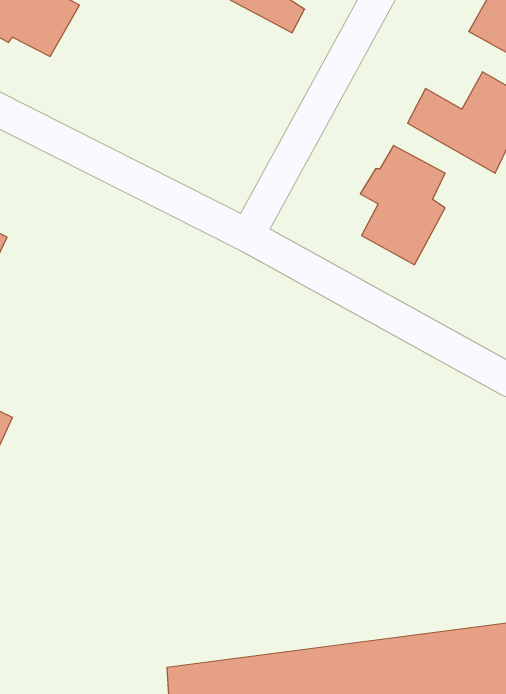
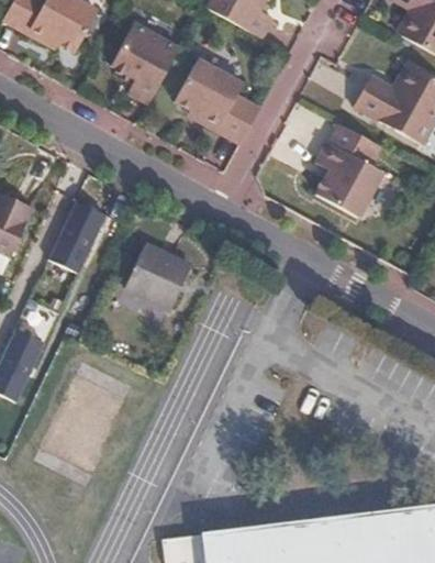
building: none -> [111,26,177,106]
building: none -> [172,59,258,146]
building: none -> [47,200,103,272]
building: none -> [123,242,189,306]

